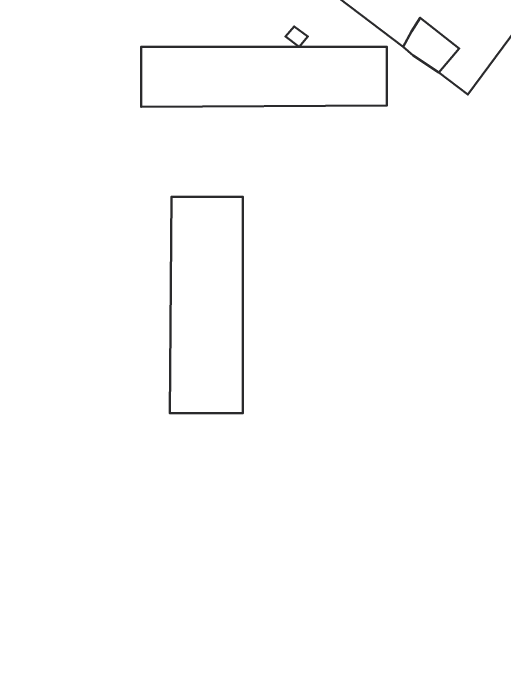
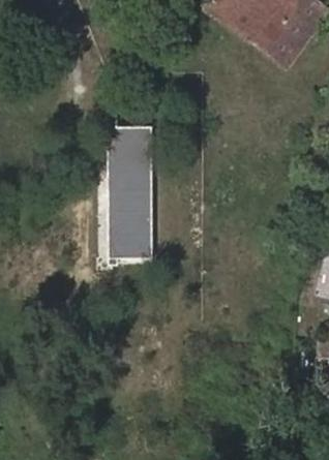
building: [141,47,387,107] -> none

